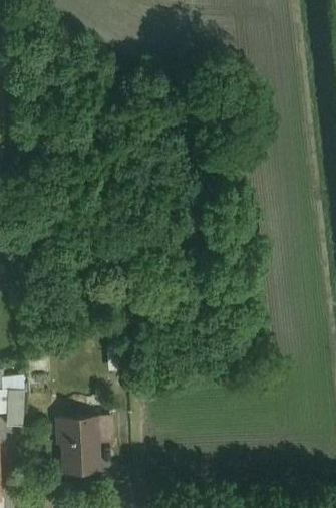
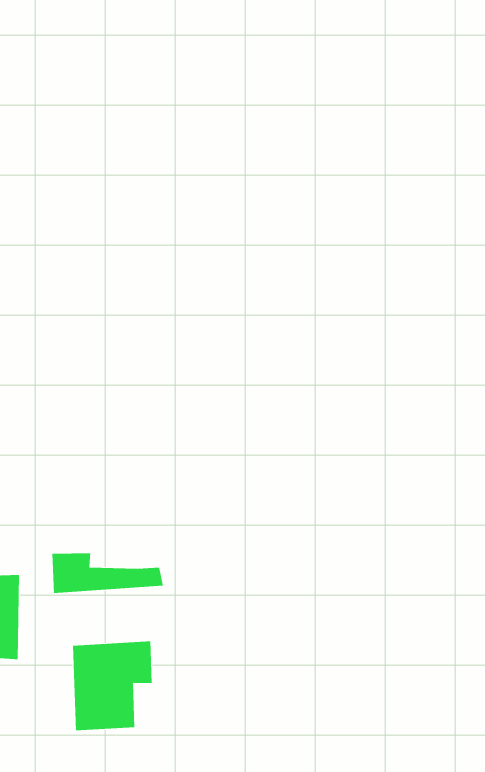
building: none -> [52,552,163,594]

